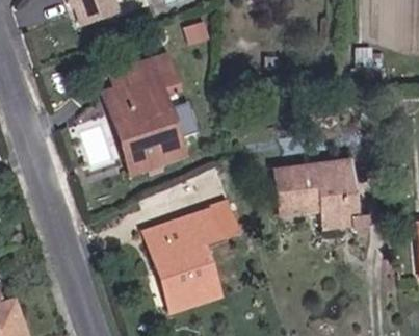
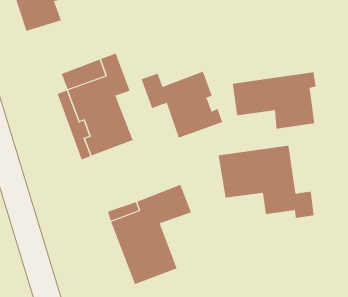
building: none -> [141,71,223,138]
building: none -> [232,72,316,129]

